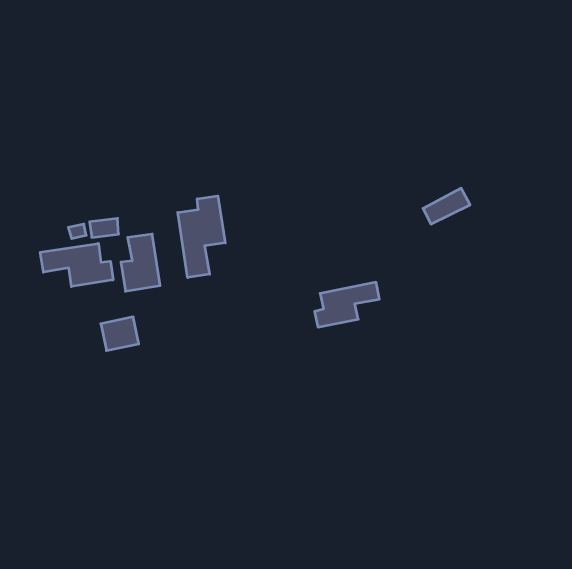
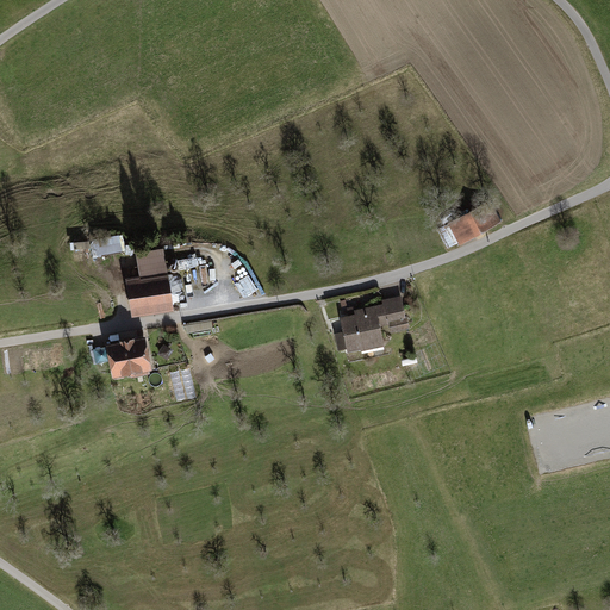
building: [178,196,225,278] -> none
building: [40,243,113,287] -> none

